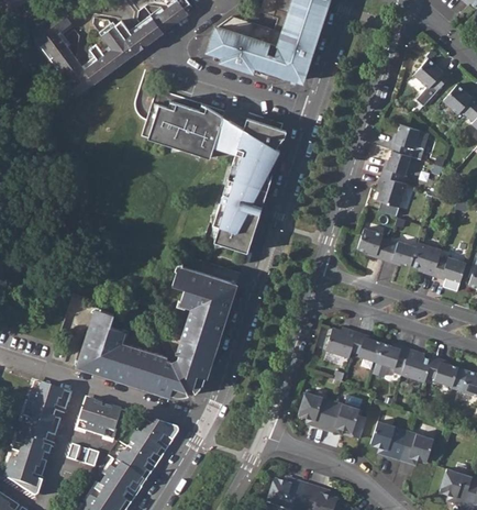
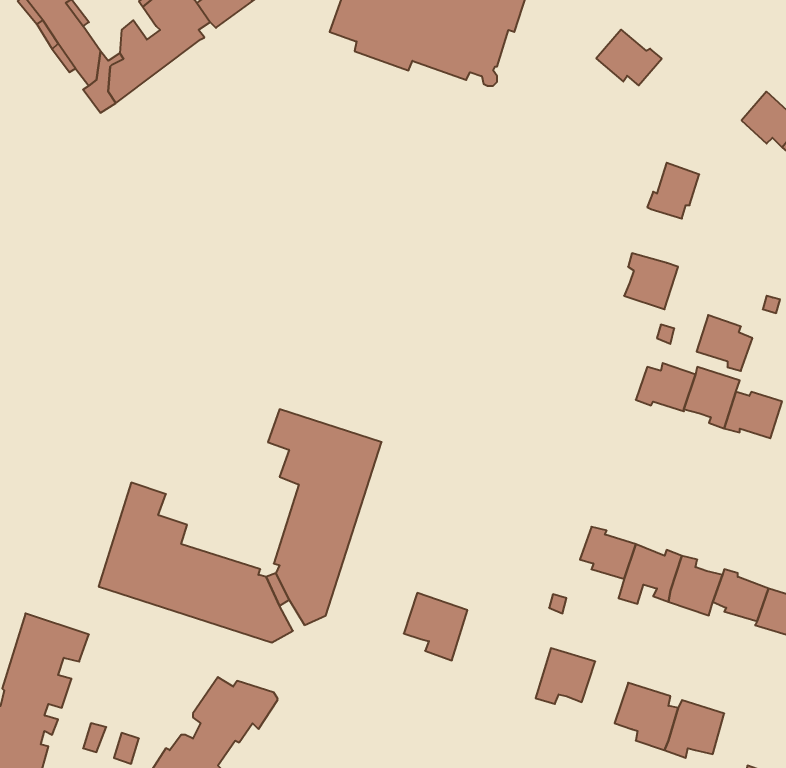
building: [414,59,452,91] -> [596,30,662,85]
building: [143,90,287,253] -> none
building: [381,152,412,182] -> none
building: [358,229,390,260] -> [697,315,752,371]
building: [326,329,358,358] -> none
building: [299,392,335,431] -> [404,593,467,660]
building: [78,399,122,440] -> none

